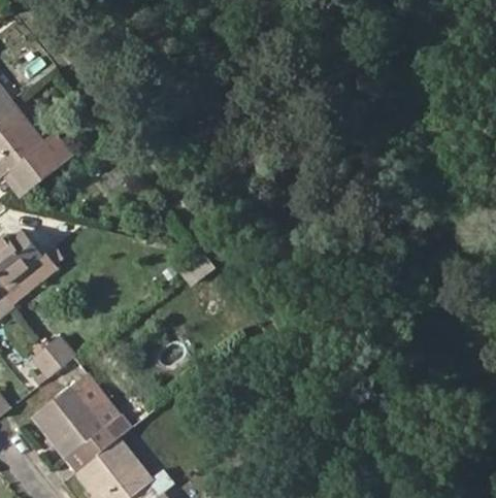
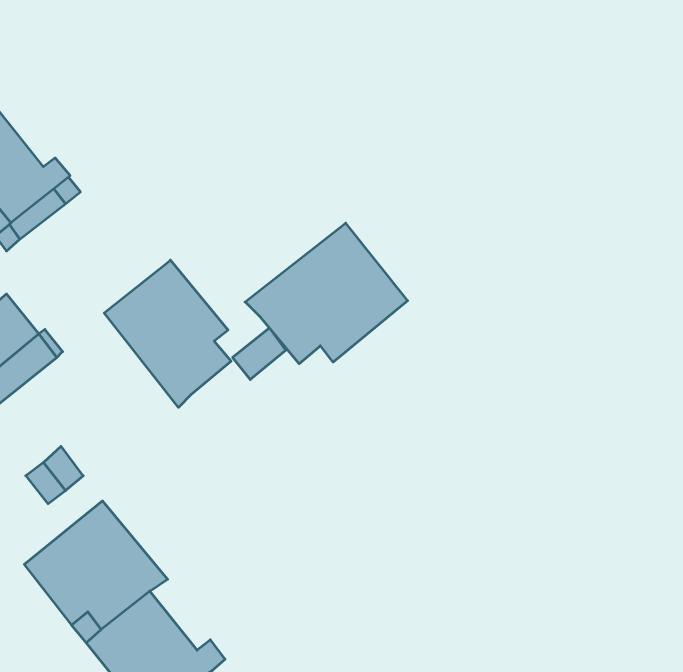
building: none -> [245,223,408,364]
building: none -> [104,260,231,407]

